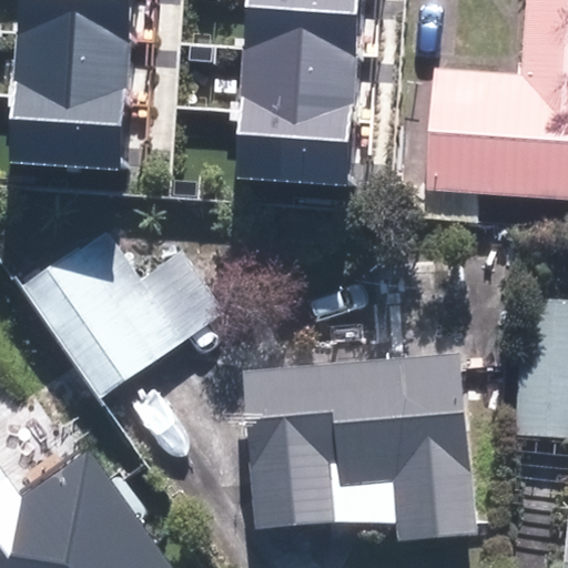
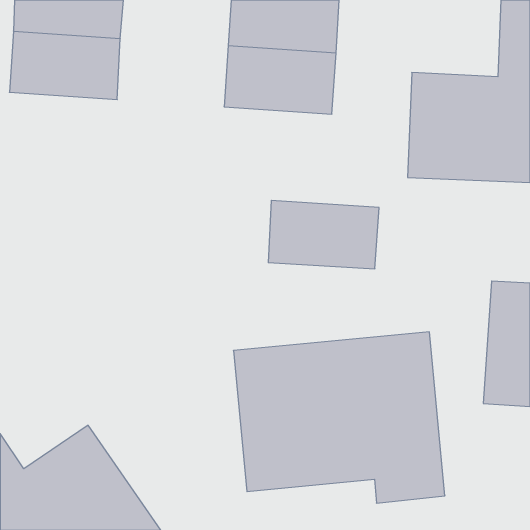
building: [7,99,125,172] -> none
building: [236,114,355,187] -> [268,200,379,269]
building: [28,237,219,396] -> none

